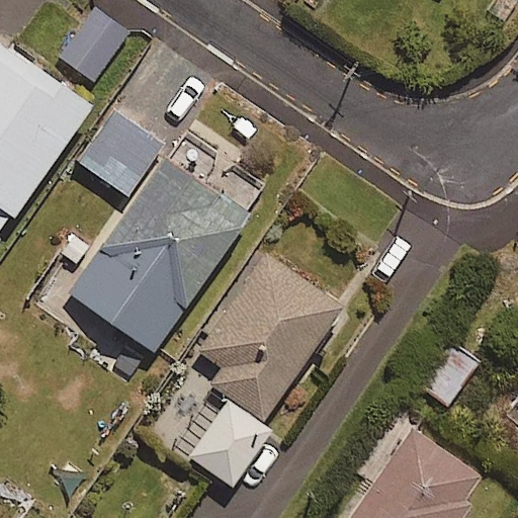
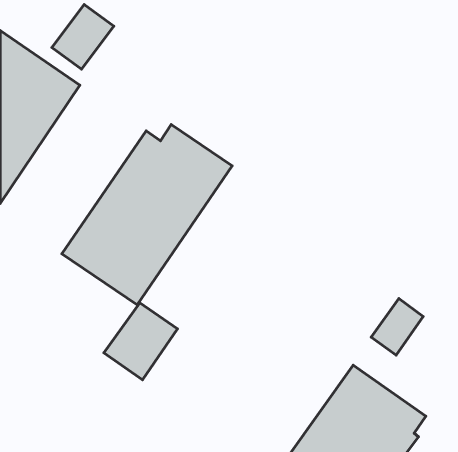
building: [78,113,162,198] -> none
building: [198,255,341,420] -> none
building: [188,402,271,489] -> [104,303,177,380]

